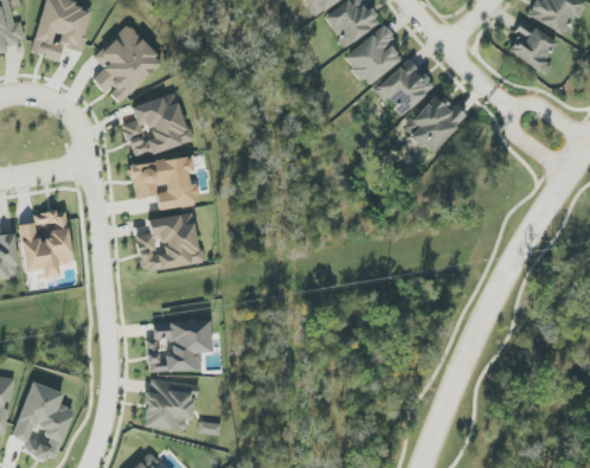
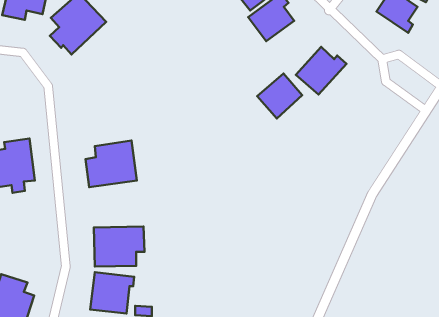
building: [376,58,432,115] -> [257,74,302,119]
building: [123,92,191,156] -> none
building: [129,154,198,210] -> none

